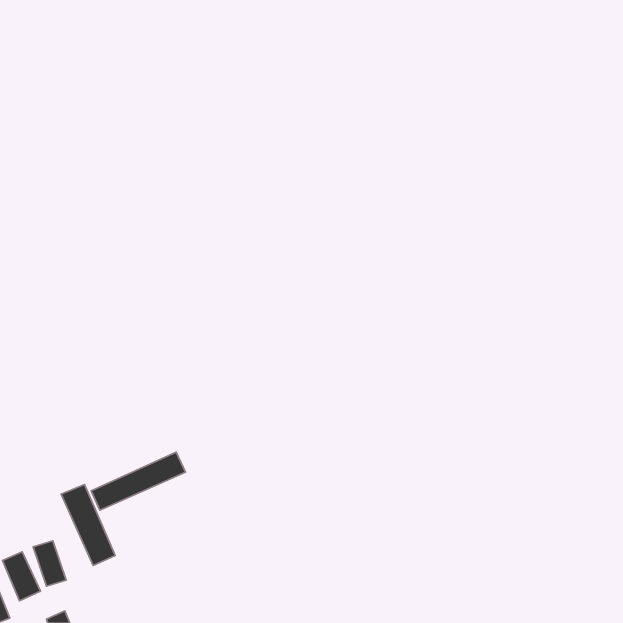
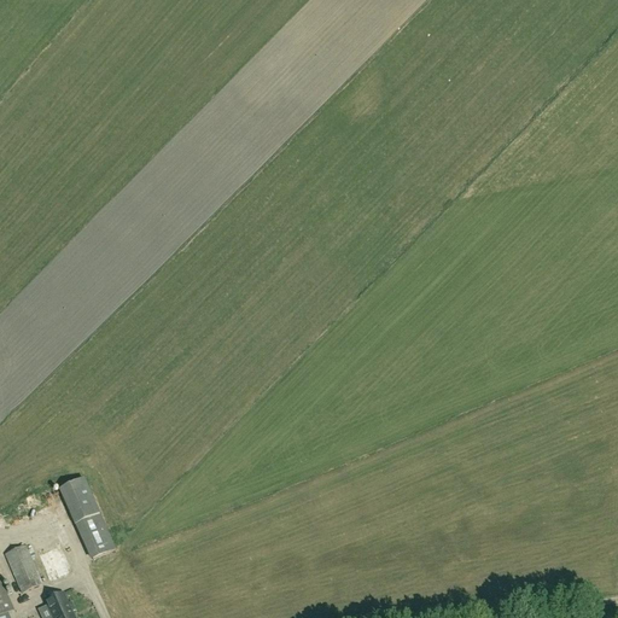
building: [91,452,186,510] -> none

